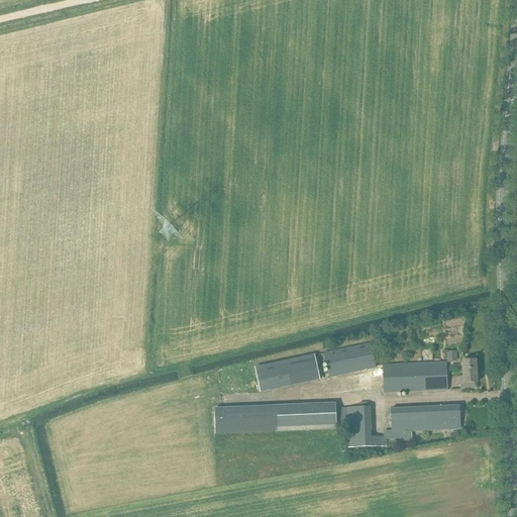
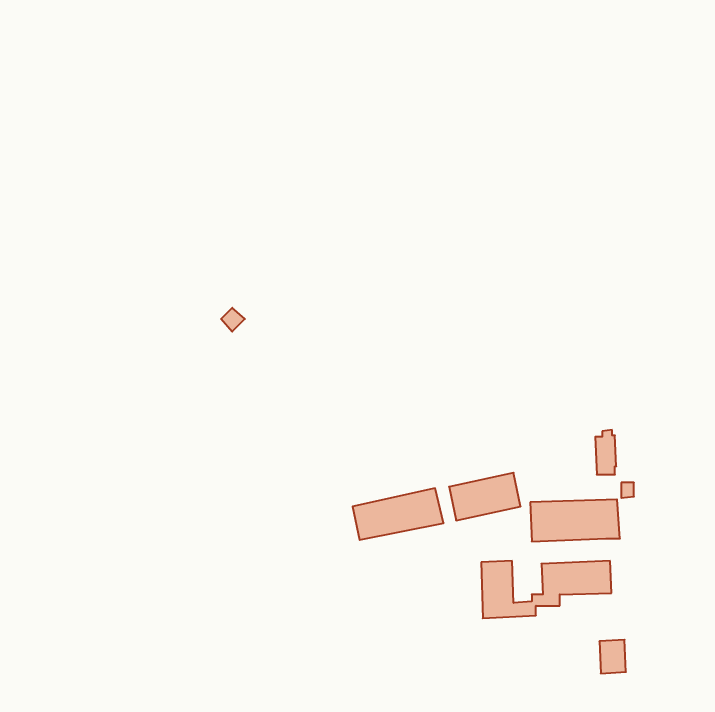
building: [462,354,478,387] -> [595,430,616,475]
building: [214,402,336,432] -> none
building: [440,404,459,428] -> [599,640,626,673]

